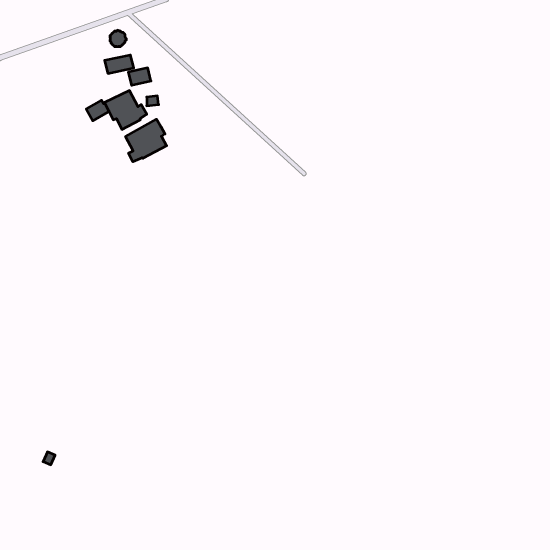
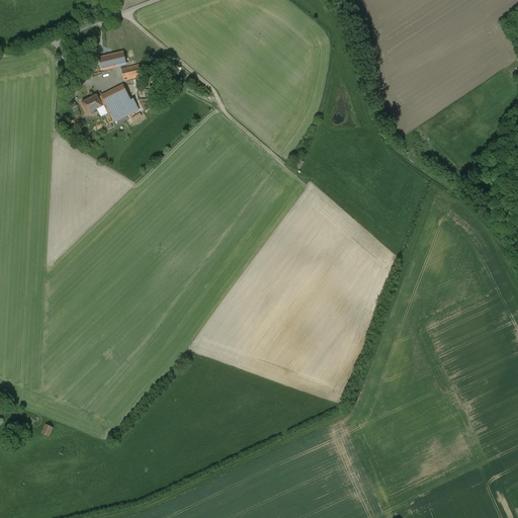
building: [126,119,167,162] -> none

